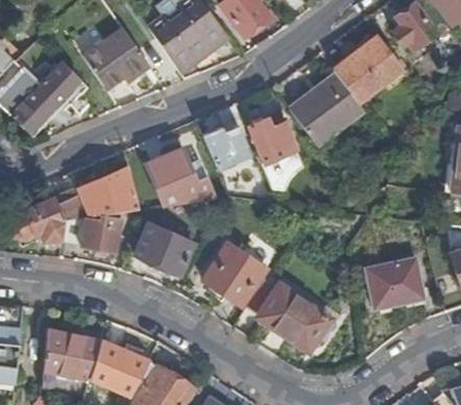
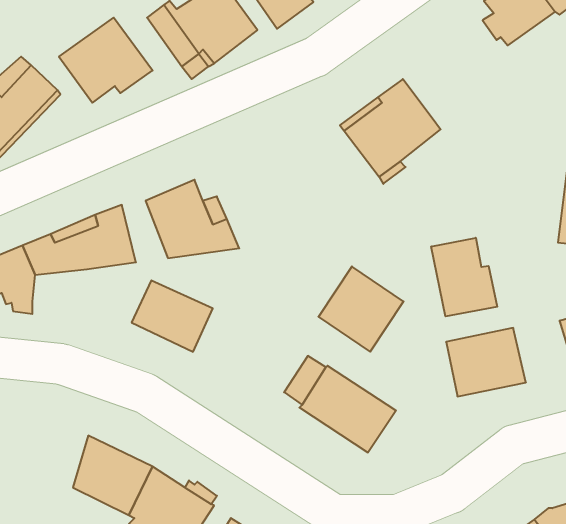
building: [332,35,403,102] -> none
building: [248,120,296,163] -> none
building: [201,126,250,169] -> none
building: none -> [431,238,497,316]
building: [61,214,121,251] -> none
building: [204,242,267,305] -> [318,266,404,352]
building: [43,329,102,377] -> none

